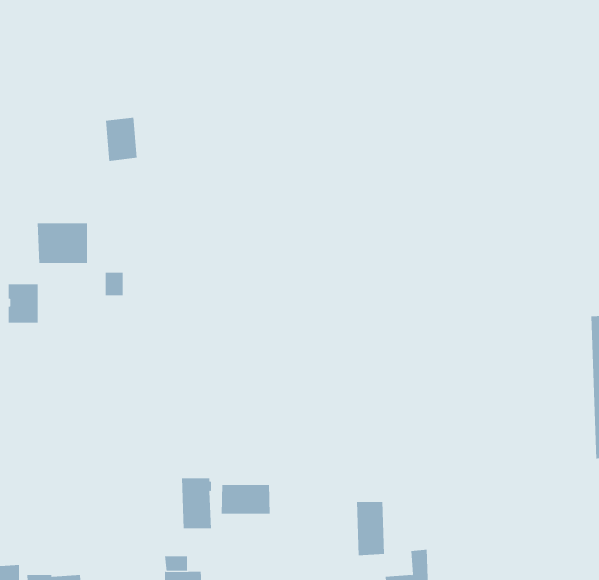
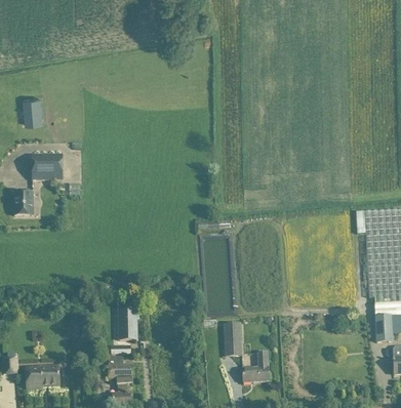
building: [105,117,137,161] -> [23,96,42,123]
building: [221,484,270,514] -> none

